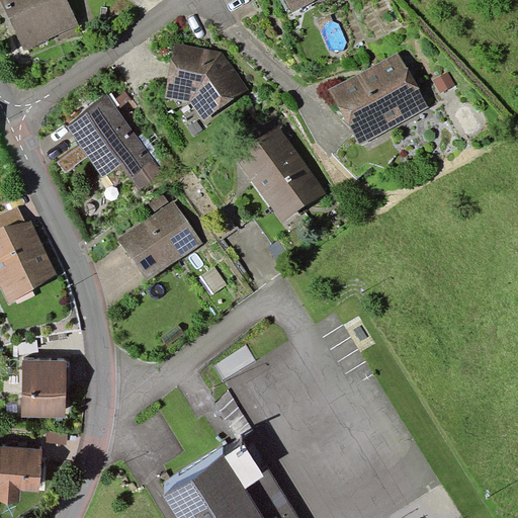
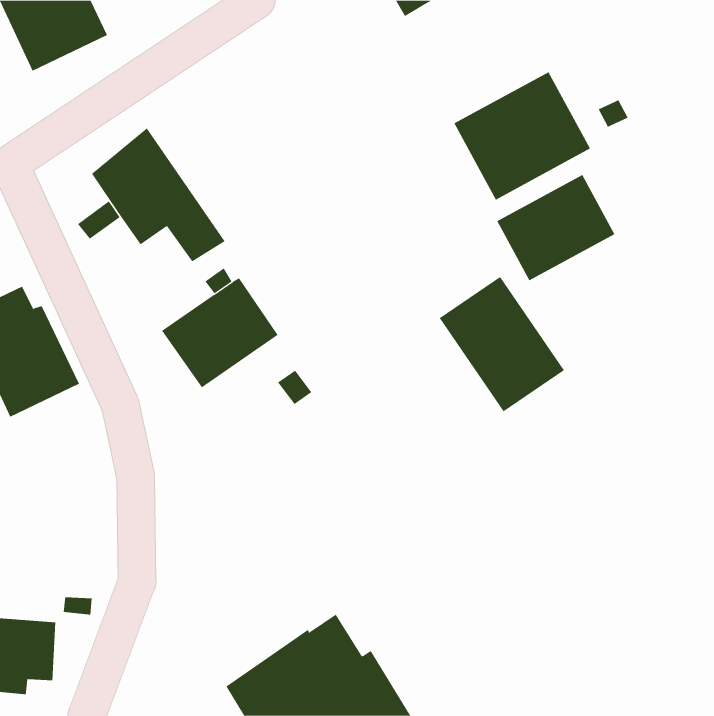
building: [165,42,247,120] -> none
building: [234,124,325,223] -> [439,276,565,412]
building: none -> [497,174,615,281]
building: [20,360,66,418] -> none

